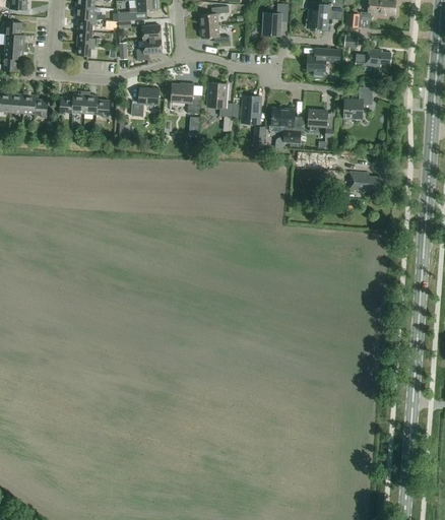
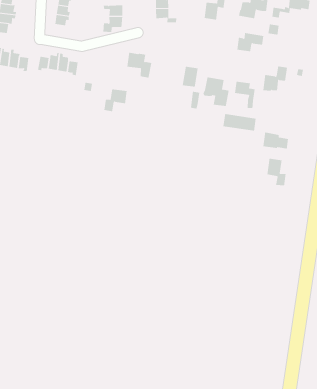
building: [358,48,391,66] -> none
building: [207,82,233,117] -> none
building: [131,87,160,116] -> [103,89,128,112]
building: none -> [267,158,286,186]

